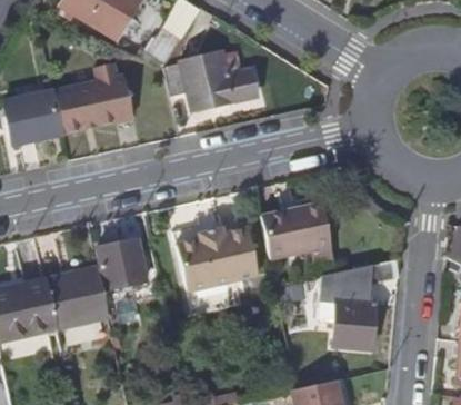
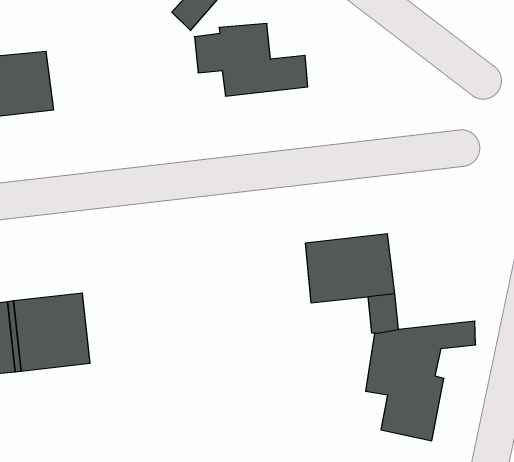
building: [53,60,138,131] -> none
building: [177,226,258,290] -> none
building: [98,235,149,300] -> none

